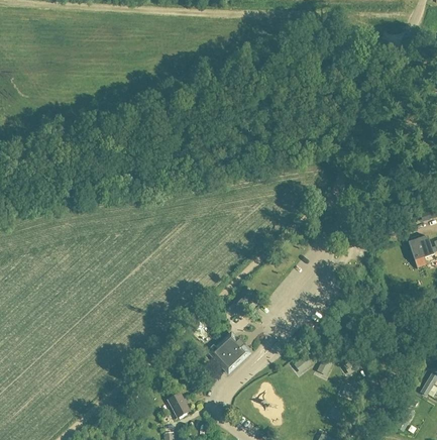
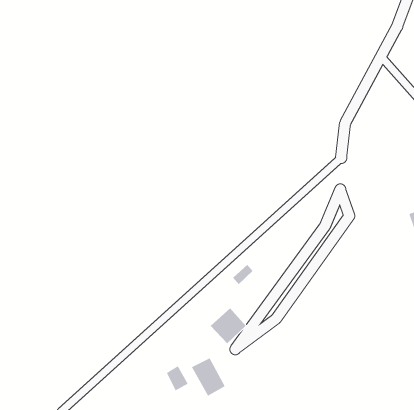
building: none -> [191,358,225,397]

